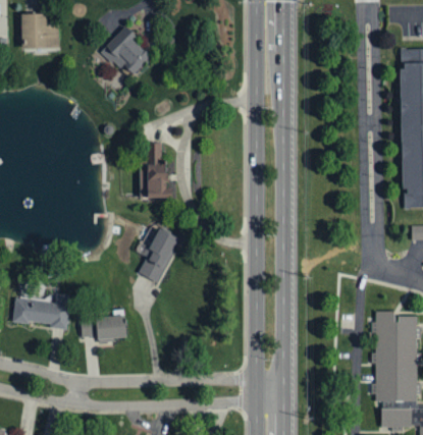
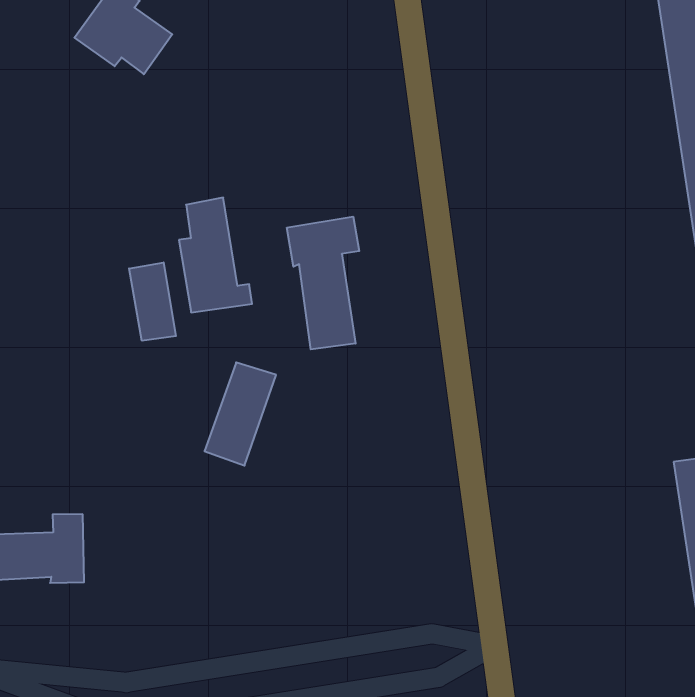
building: none -> [287,217,359,349]
building: none -> [129,262,176,341]
building: [82,315,127,340] -> none

